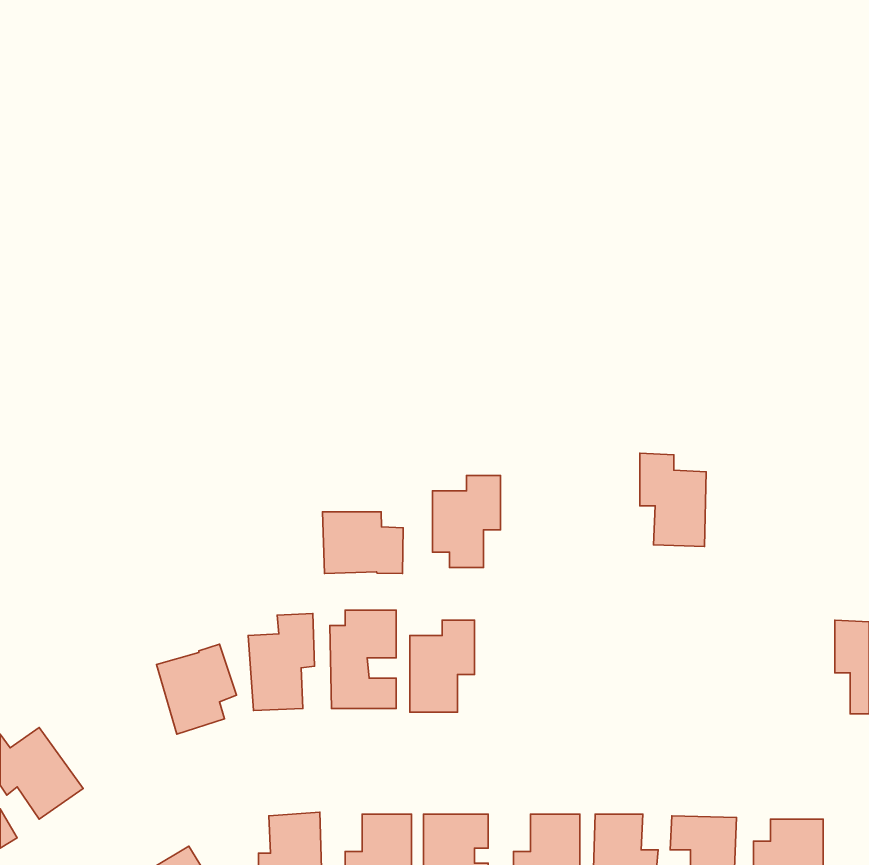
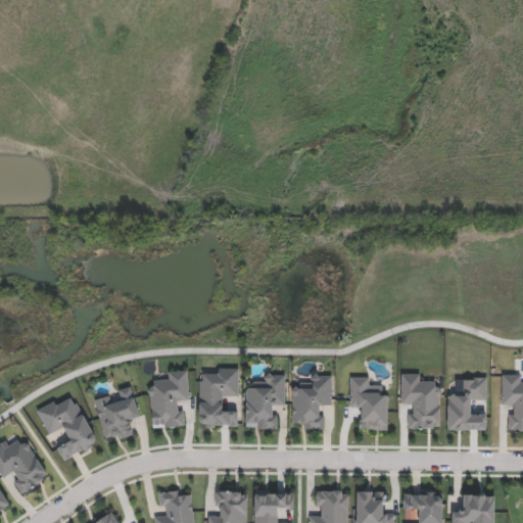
building: [640,453,706,547] -> [401,374,441,430]
building: [433,476,501,567] -> [291,375,332,430]
building: [322,512,403,573] -> none
building: none -> [349,378,388,431]
building: none -> [447,378,487,431]
building: none -> [36,398,99,463]

